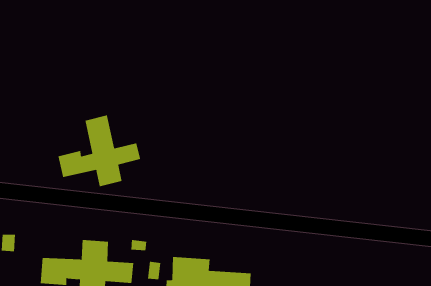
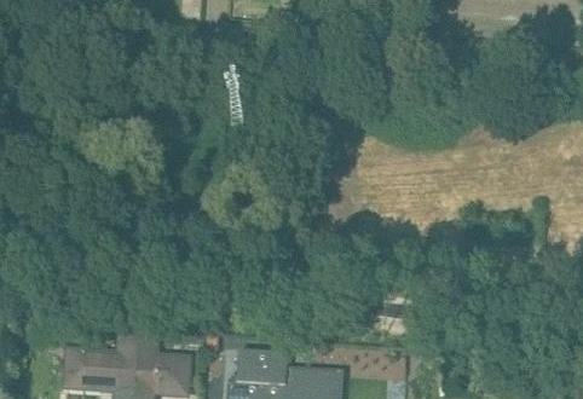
building: [58,115,141,187] -> none

